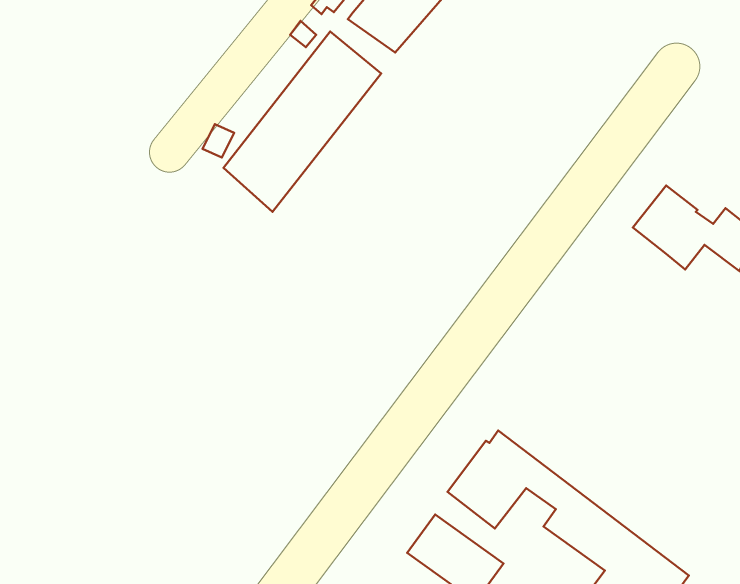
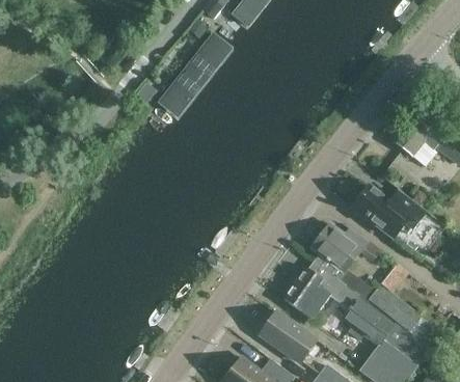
building: none -> [352,174,443,257]
building: none -> [310,222,434,347]

